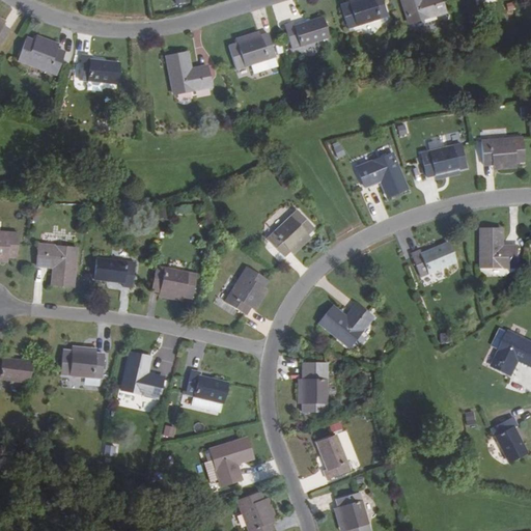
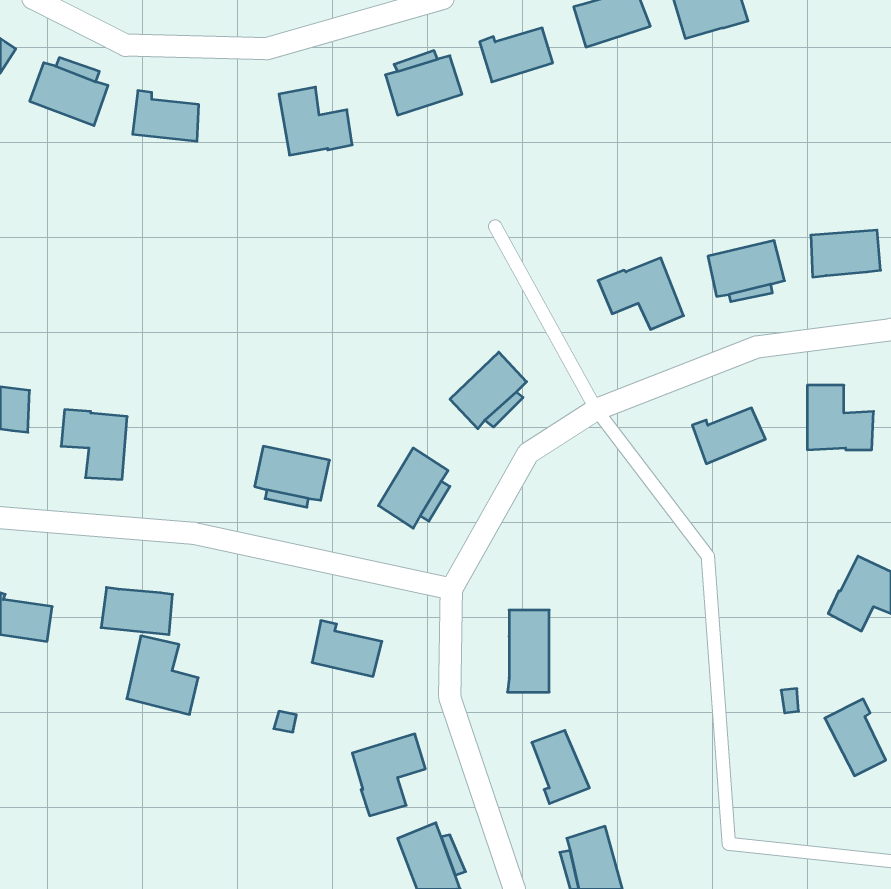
building: [94,257,135,286] -> none
building: [318,304,373,347] -> none
building: [120,352,163,398] -> [127,636,198,714]

